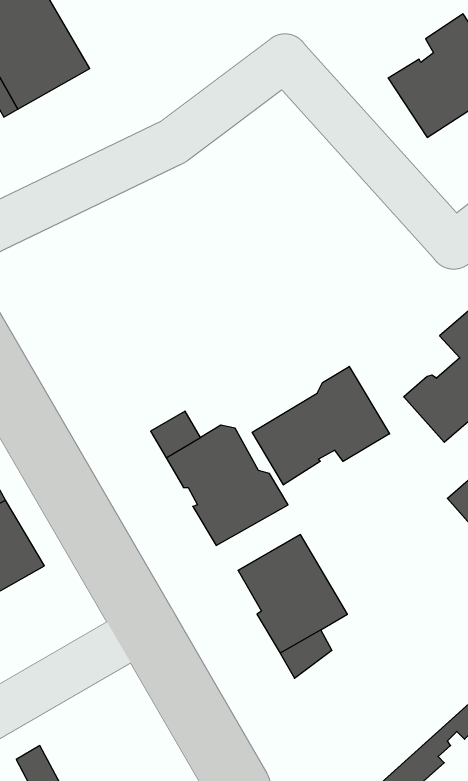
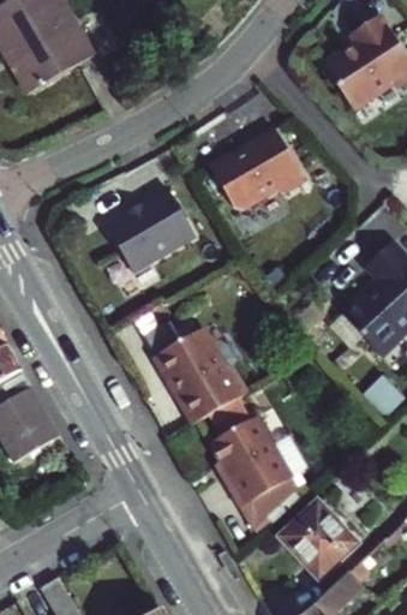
building: none -> [210,126,305,208]
building: none -> [106,184,193,268]
building: [252,366,390,485] -> none
building: none -> [287,507,359,580]

